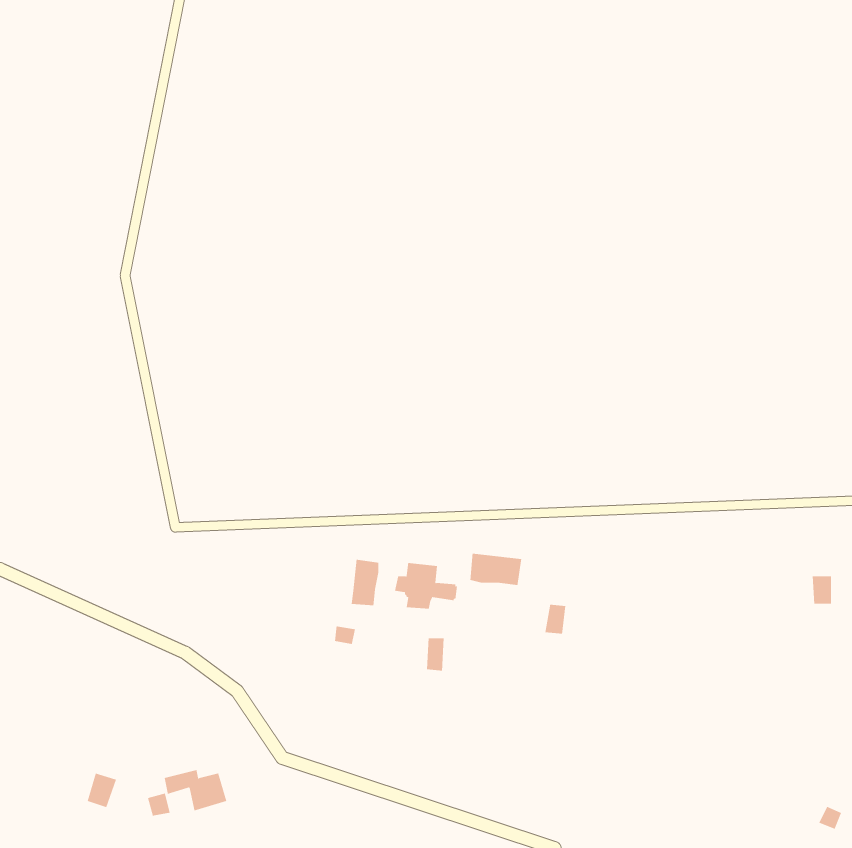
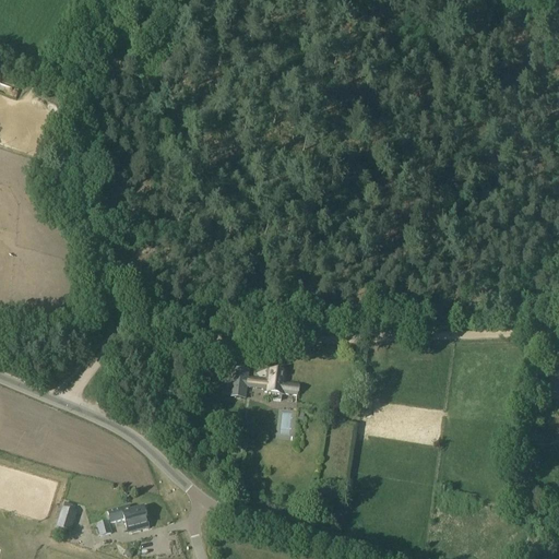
building: [470,553,522,586] -> none

